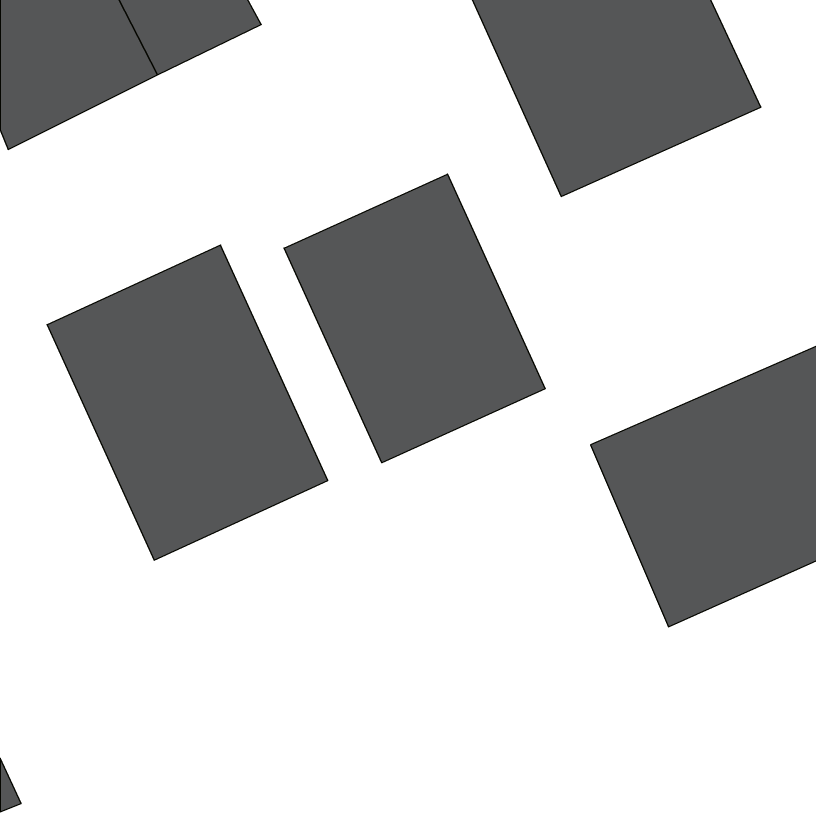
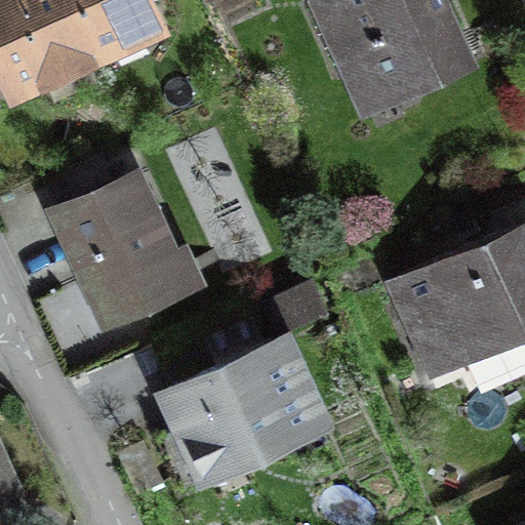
building: [284,174,545,463] -> none
building: none -> [148,327,337,496]

